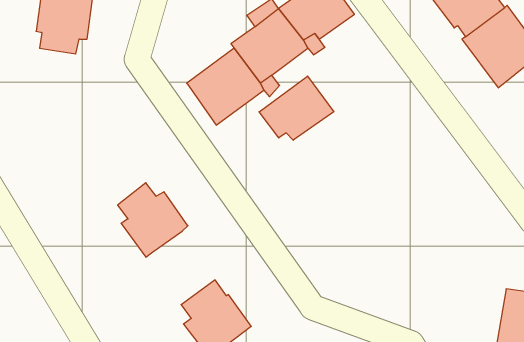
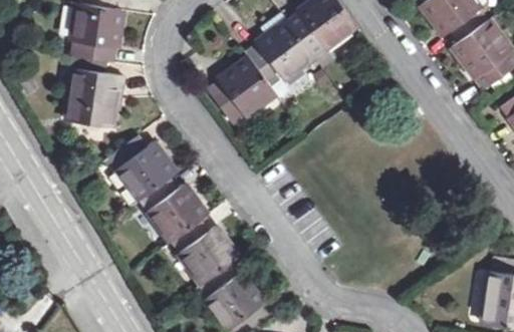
building: none -> [65,68,121,127]
building: [259,76,334,140] -> none
building: none -> [113,133,176,199]
building: none -> [175,218,238,283]

